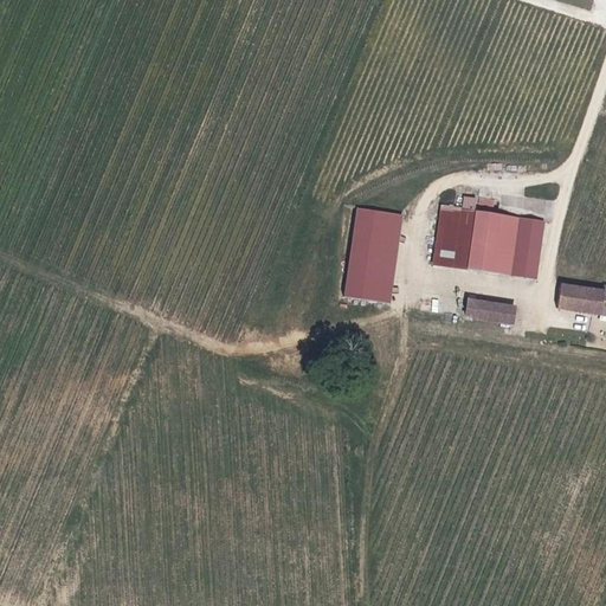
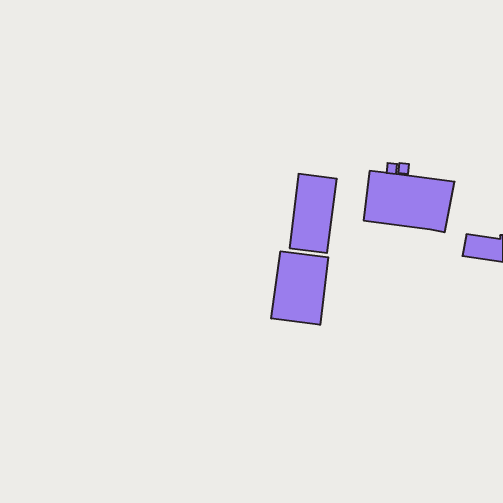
building: [458,296,511,324] -> none
building: none -> [271,251,328,325]

